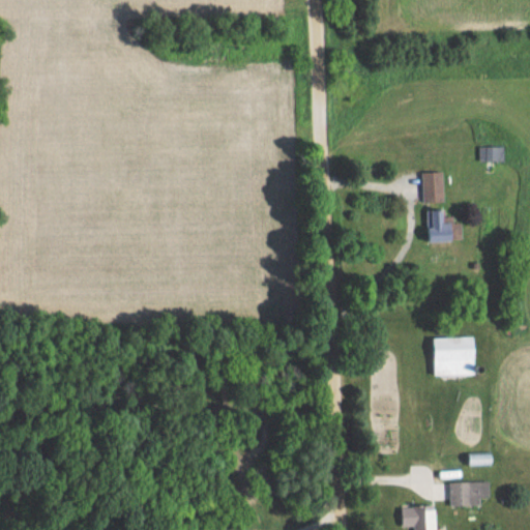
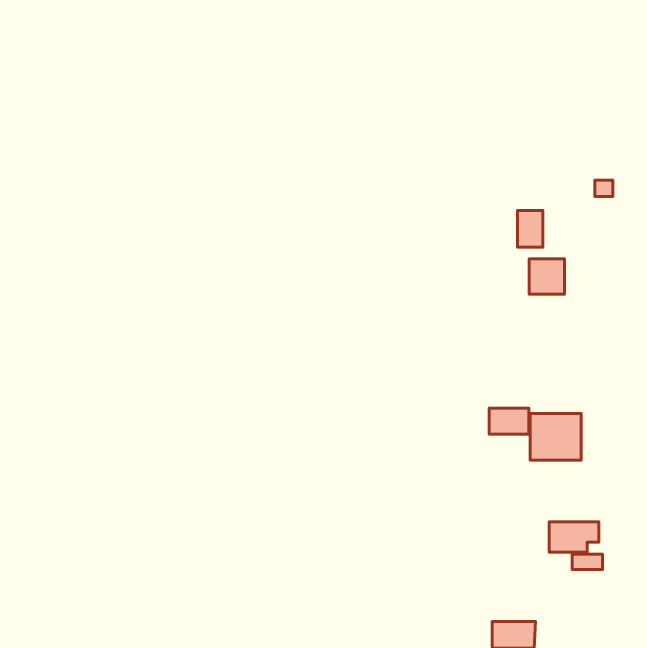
building: none -> [489,408,529,434]
building: [448,481,489,506] -> [549,522,599,552]

